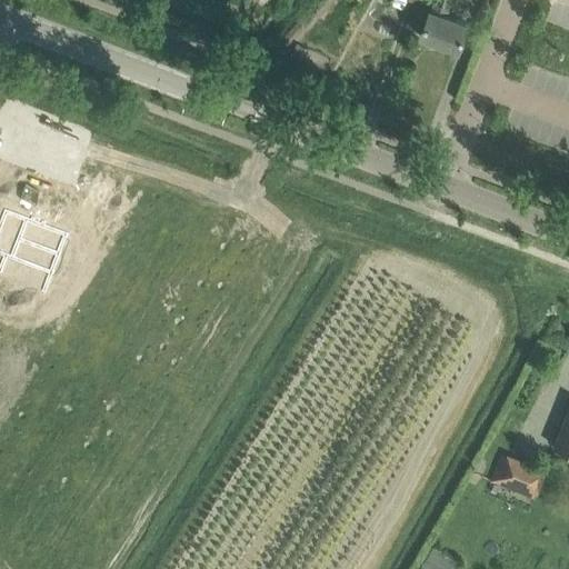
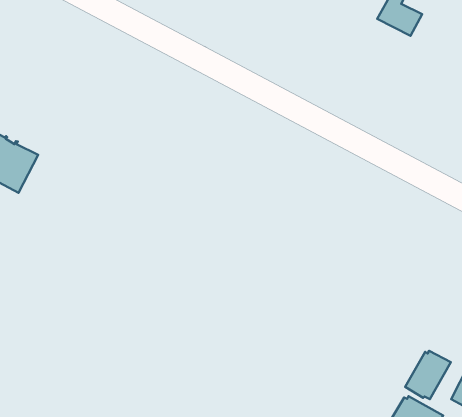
building: none -> [405,351,451,399]

